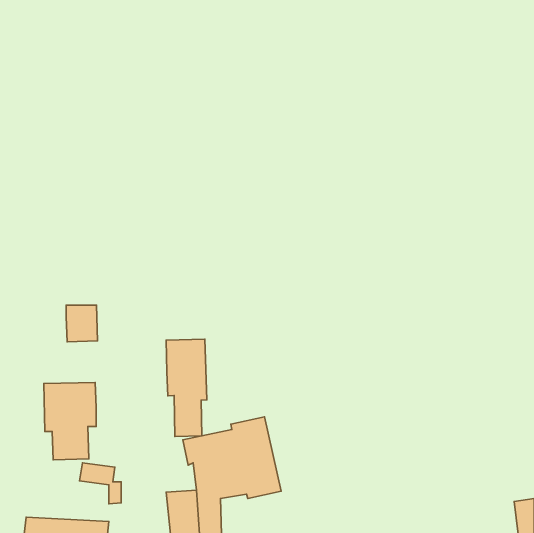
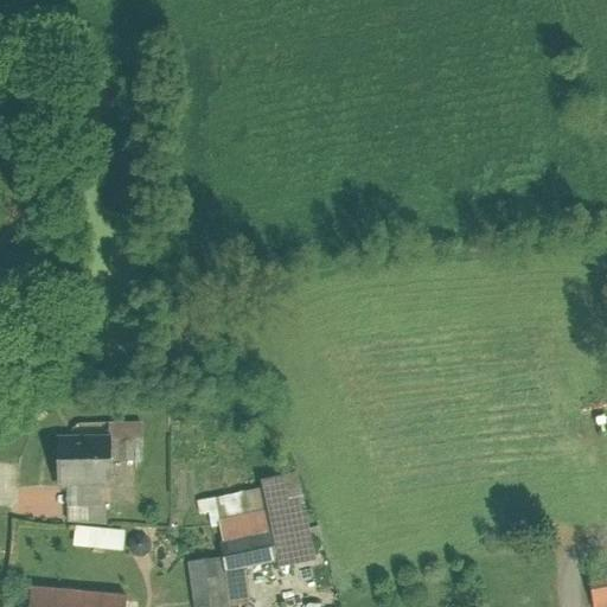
building: [66,305,97,342] -> [108,422,143,464]
building: [166,339,207,436] -> none

